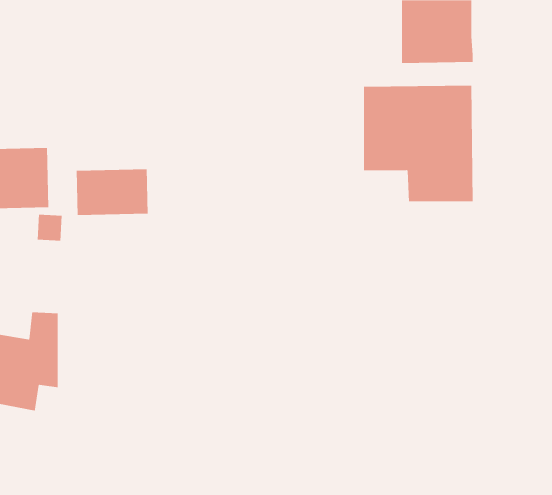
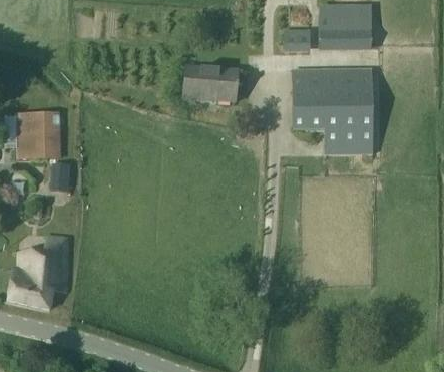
building: none -> [285,28,311,51]
building: none -> [183,65,238,101]
building: [76,169,148,216] -> none

